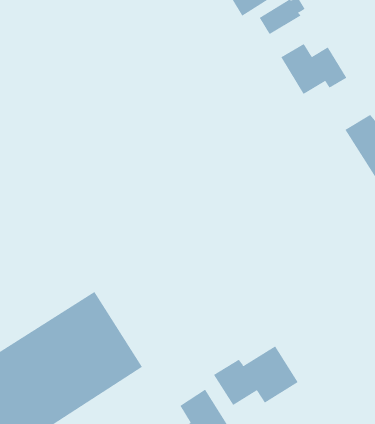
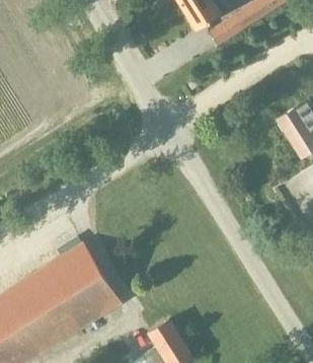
building: [281,43,347,95] -> none
building: [213,345,299,406] -> none

